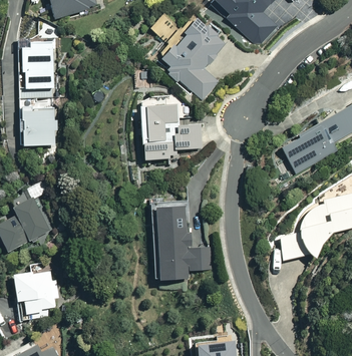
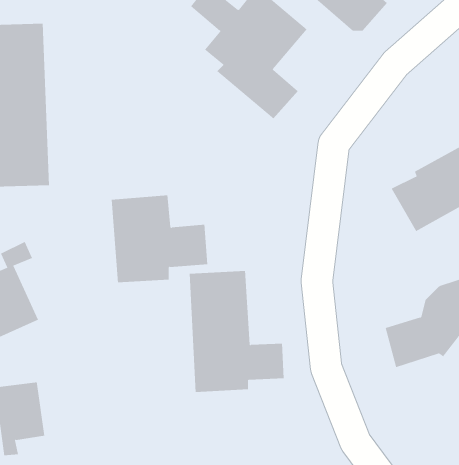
building: [139,102,203,159] -> [111,195,208,283]

